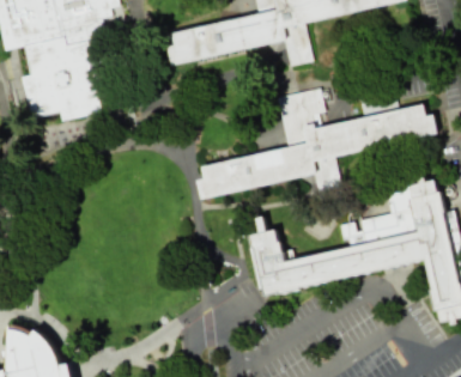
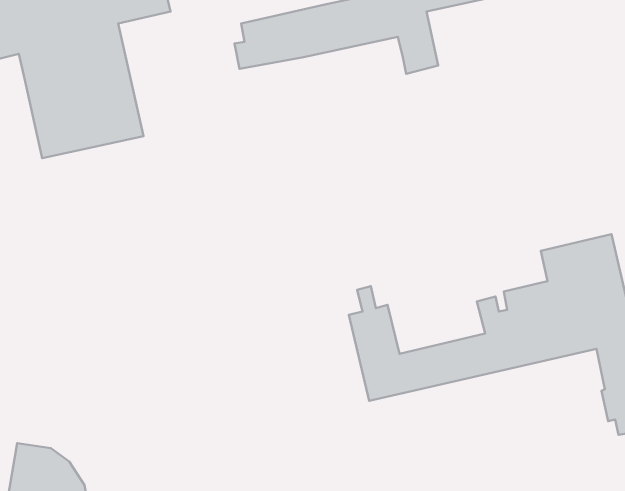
building: [194,85,436,200] -> none

